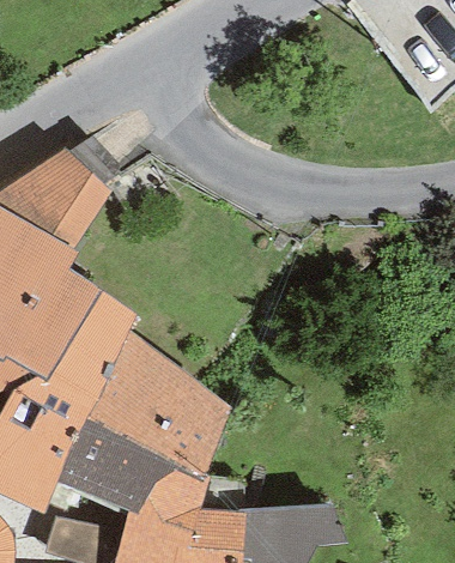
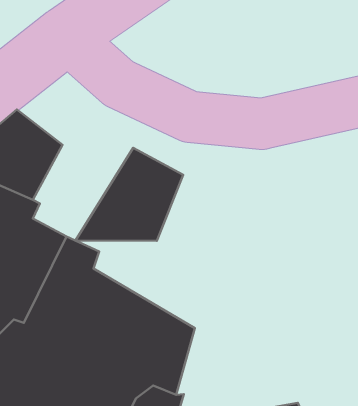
building: none -> [76,148,183,241]

